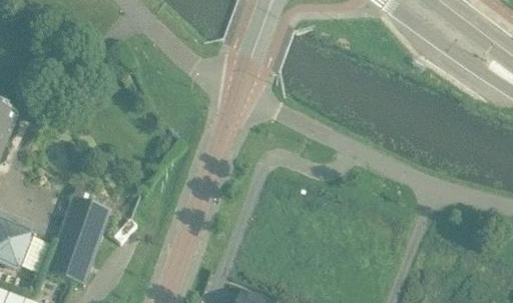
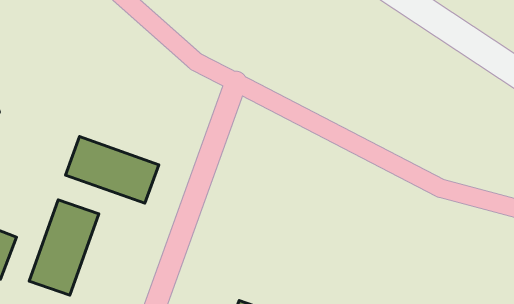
building: none -> [65,137,159,203]

